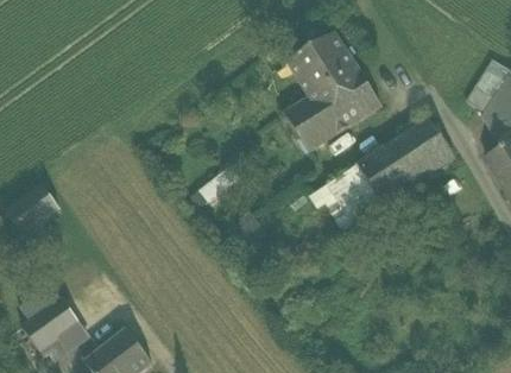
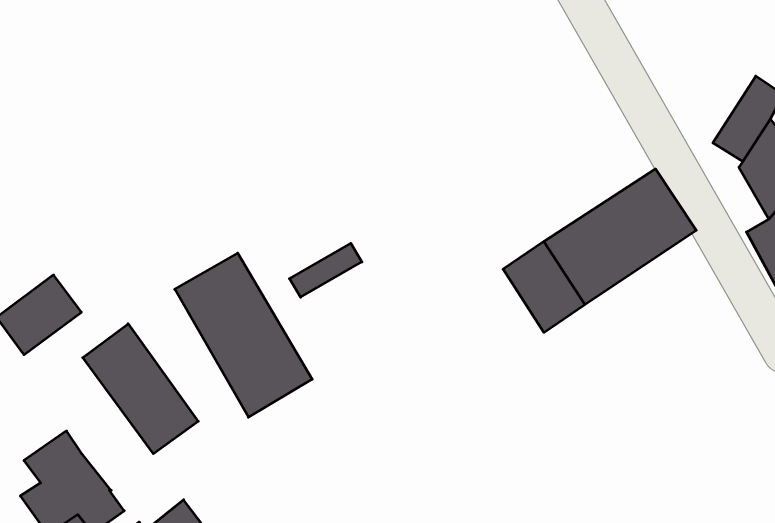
building: [285,33,383,152] -> none
building: none -> [175,253,312,417]
building: none -> [83,324,198,454]

